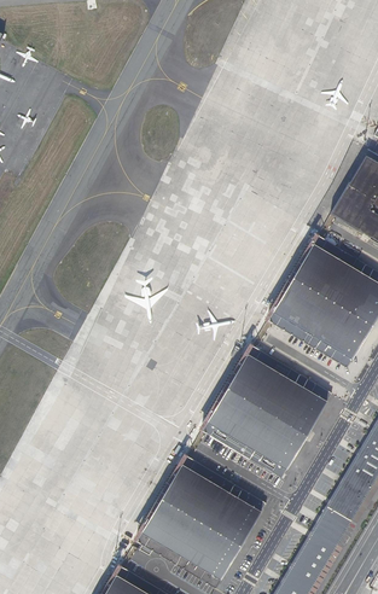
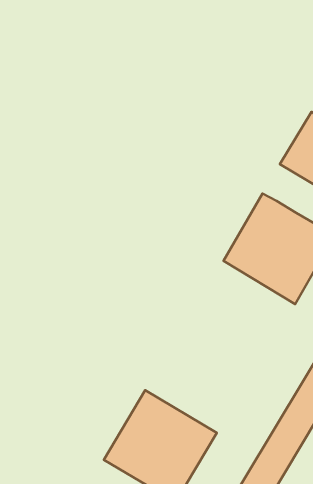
building: [203,353,327,478] -> none

